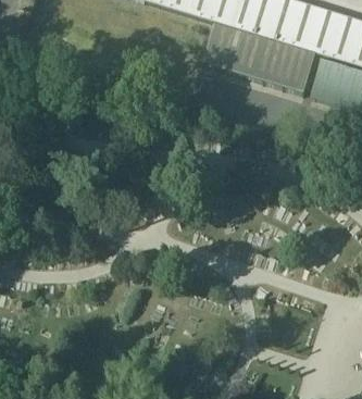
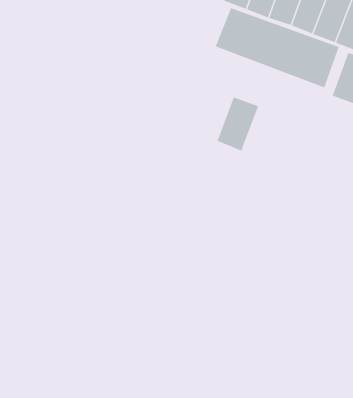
building: none -> [217,97,259,152]

